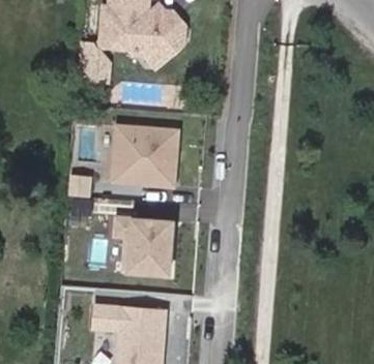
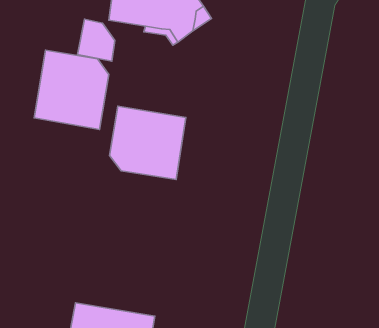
building: none -> [34,50,109,129]
building: [114,218,172,274] -> none

